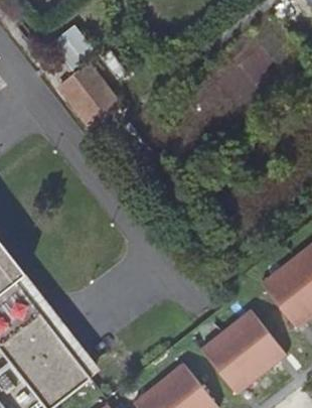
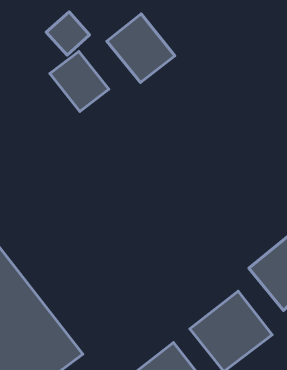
building: none -> [107,14,175,83]

